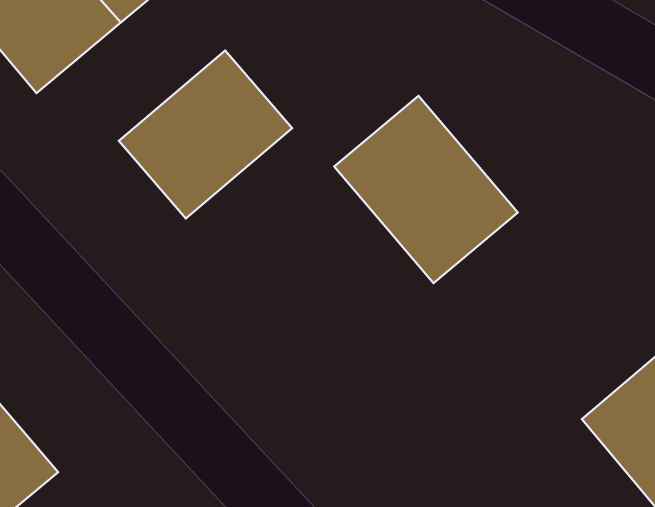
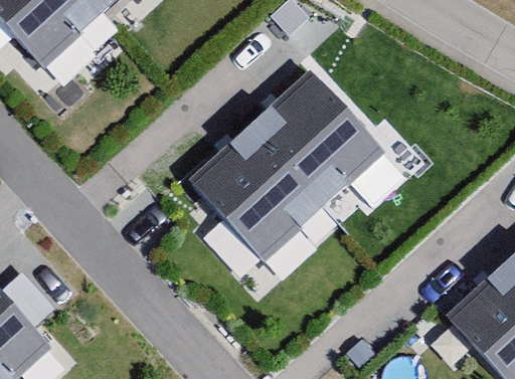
building: [119,50,292,219] -> none
building: none -> [197,125,333,263]

